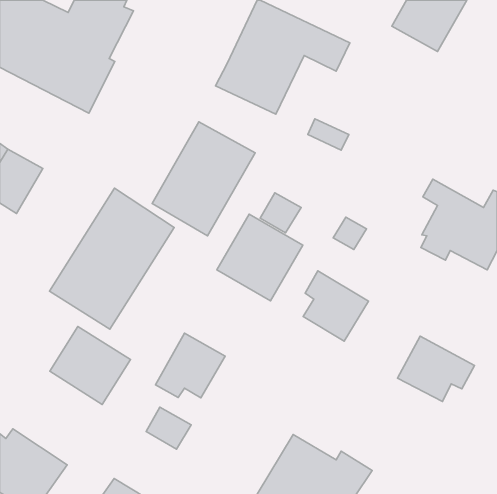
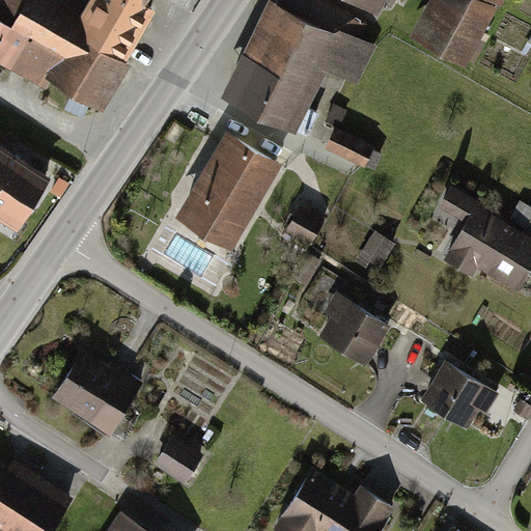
building: [49,188,174,329] -> none
building: [217,214,303,301] -> none
building: [155,333,225,398] -> none

